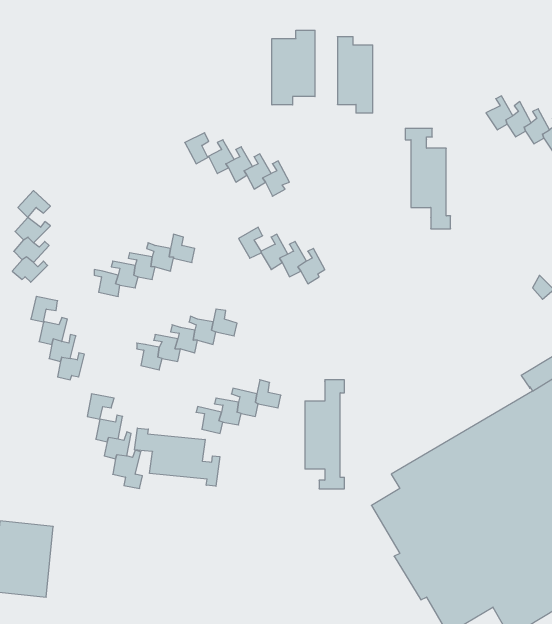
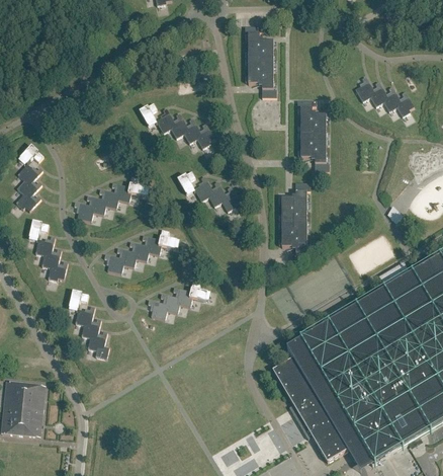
building: [272,30,315,105] -> none
building: [305,380,344,489] -> [281,181,309,259]
building: [135,428,220,486] -> none

